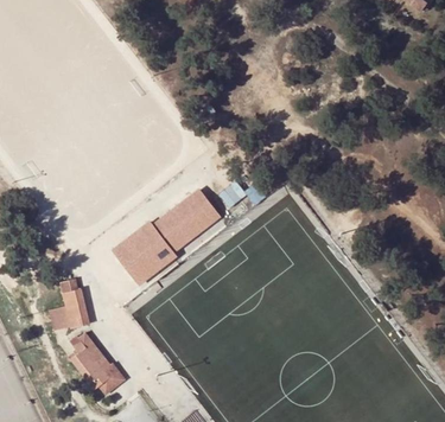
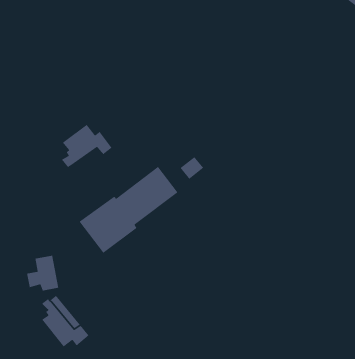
building: none -> [61,124,113,168]

